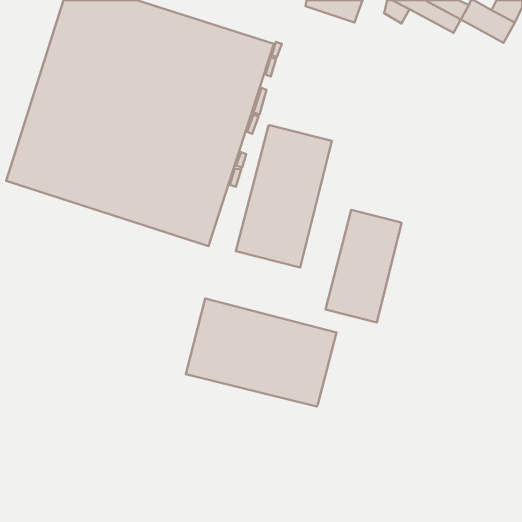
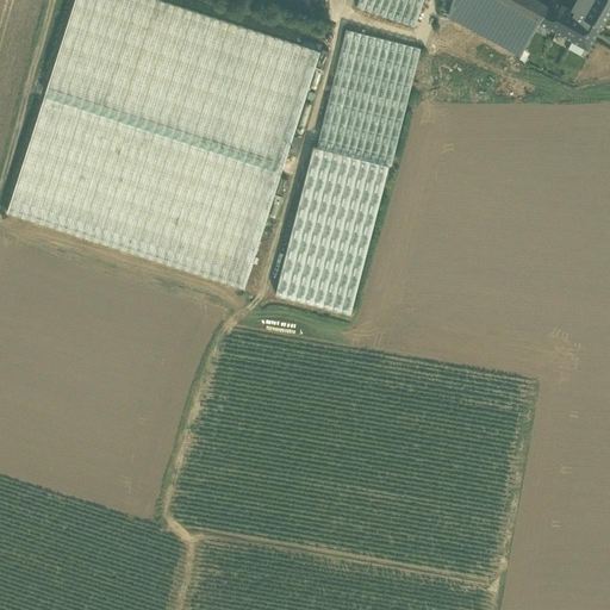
building: none -> [468,11,529,55]
building: none -> [316,29,421,166]
building: [326,210,401,322] -> none
building: [186,299,336,406] -> none

